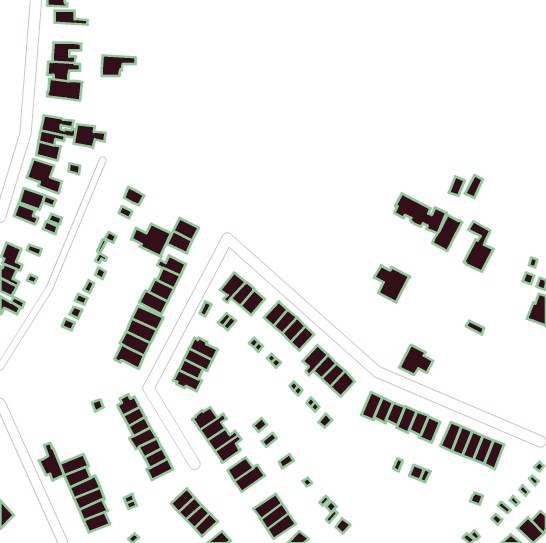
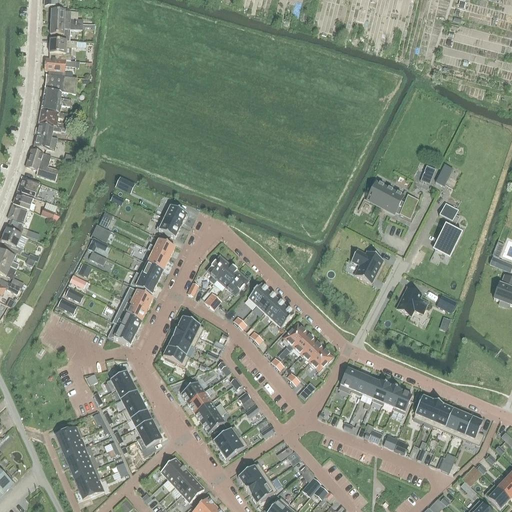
building: [102,55,136,76] -> [50,21,82,40]
building: [74,124,106,148] -> [41,90,71,112]
building: [432,215,462,251] -> none
building: none -> [6,204,27,233]
building: [131,224,172,257] -> none
building: [399,345,433,375] -> [396,287,428,315]
building: [39,443,64,481] -> none
building: none -> [463,416,484,445]

